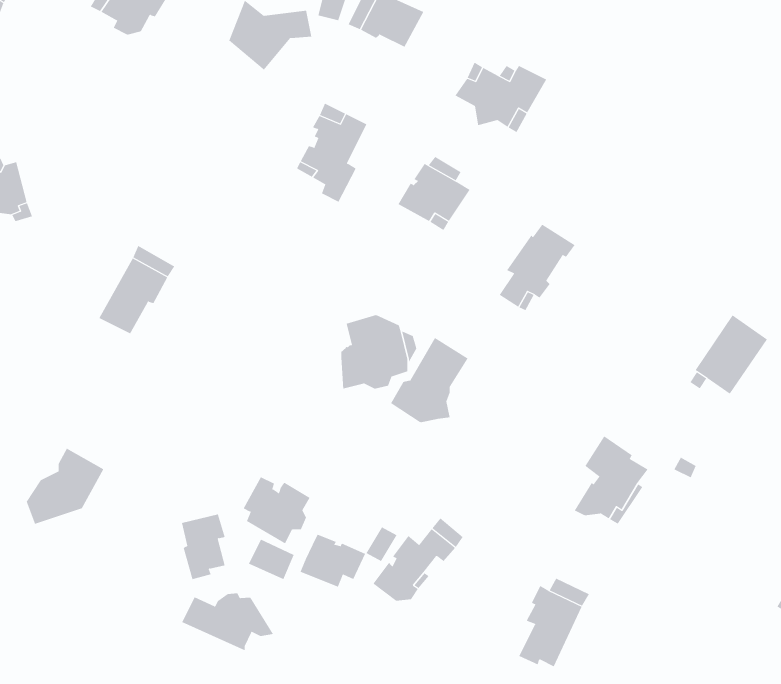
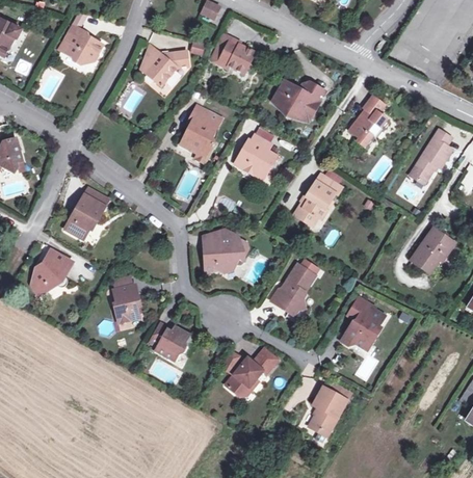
building: none -> [347,95,390,148]
building: none -> [410,128,452,184]
building: [390,337,468,423] -> [269,262,315,312]
building: [26,448,104,525] -> [26,249,72,294]
building: [181,514,226,580] -> [110,284,136,322]
building: [300,534,366,588] -> none
building: [181,593,274,651] -> none

